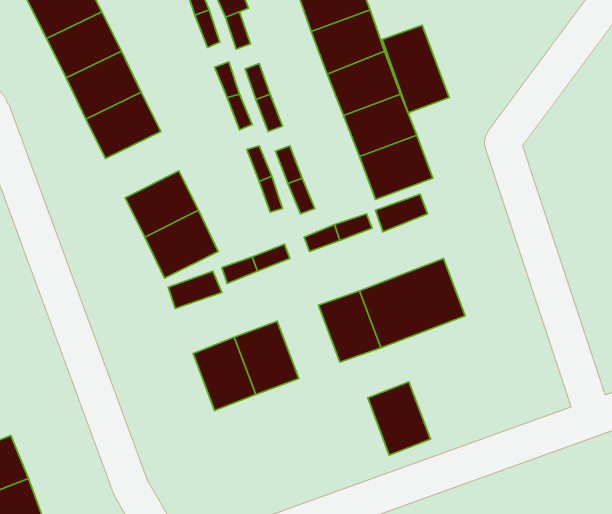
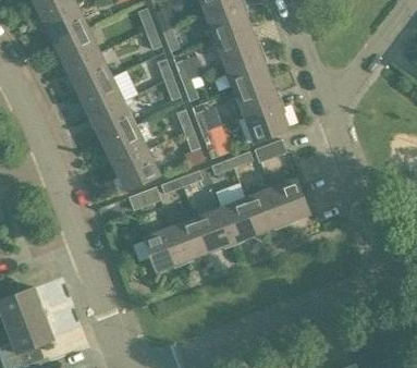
building: [382,25,449,113] -> none
building: none -> [90,101,135,142]
building: [368,382,430,455] -> [195,207,233,252]

